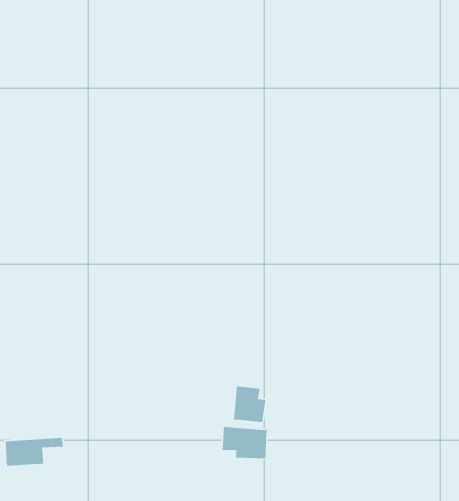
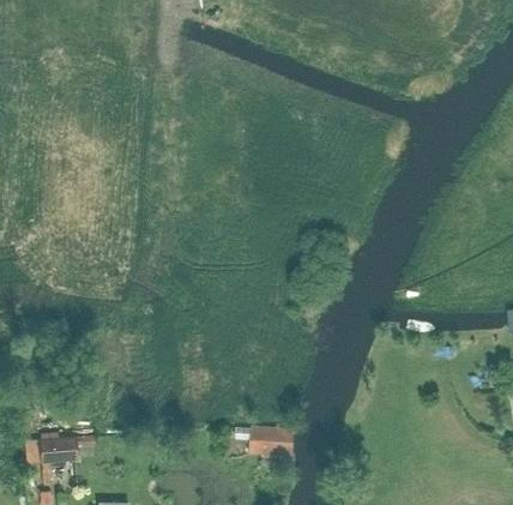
building: [233,386,266,423] -> none

